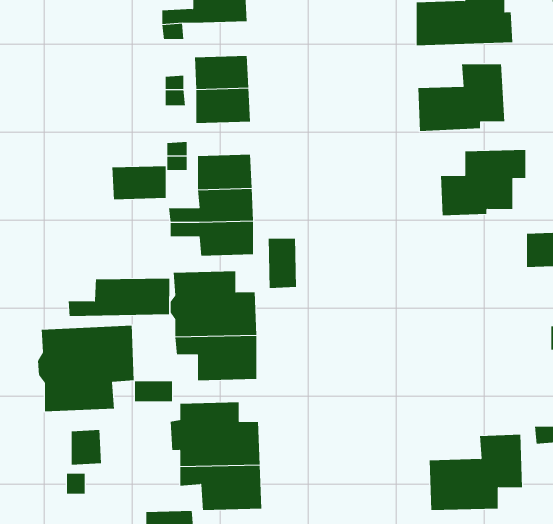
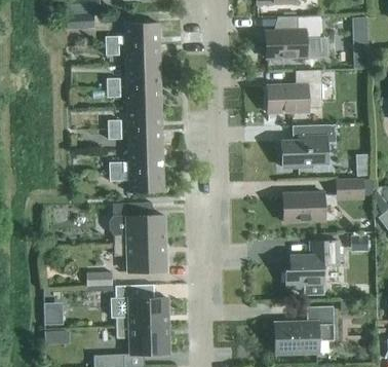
building: none -> [124,43,159,66]
building: [111,166,166,200] -> [126,107,161,129]
building: [268,238,296,289] -> none
building: none -> [282,191,324,222]
building: [68,278,170,317] -> none
building: [38,325,134,412] -> none
building: none -> [284,241,339,295]

